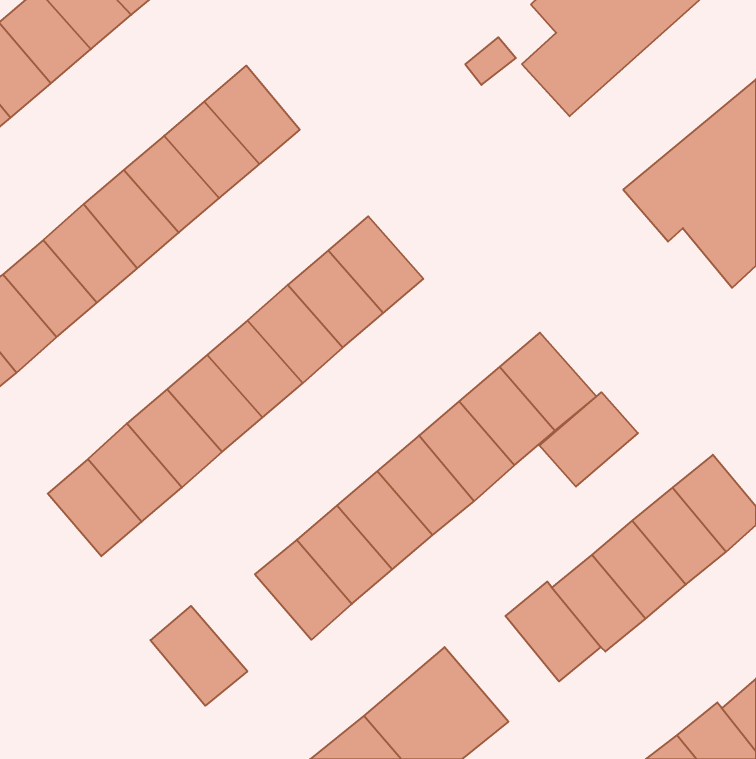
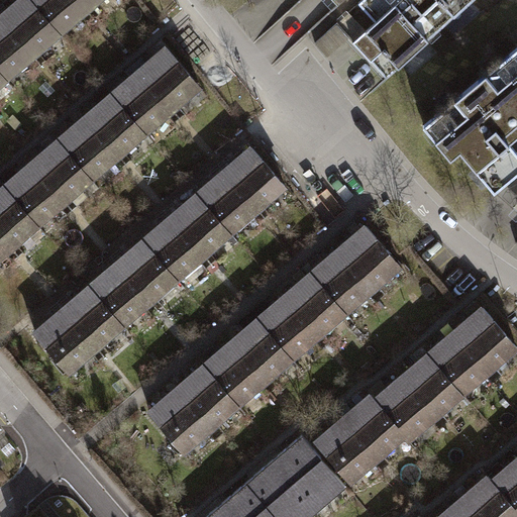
building: [539,392,638,487] -> none
building: [150,606,247,706] -> [145,389,211,456]
building: none -> [314,417,379,485]

